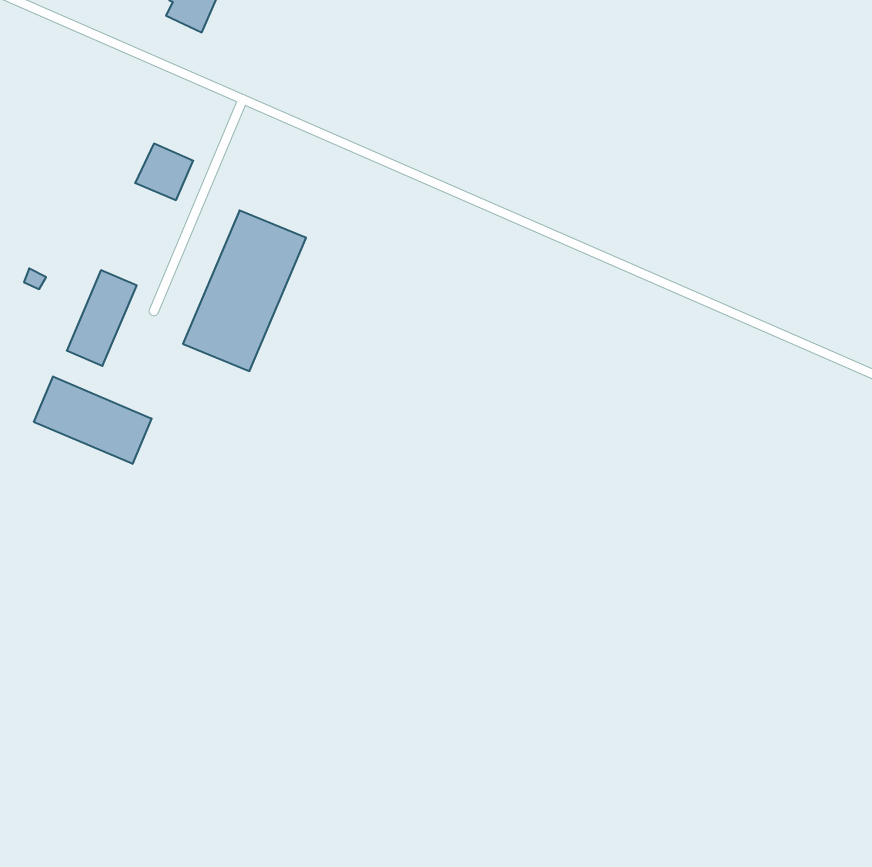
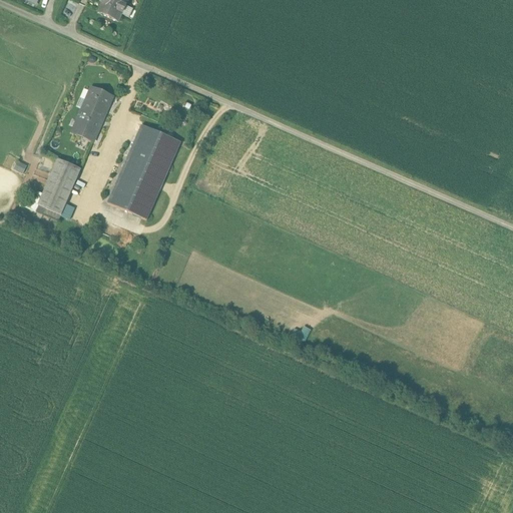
building: none -> [70,107,104,141]
building: [34,376,152,464] -> none

